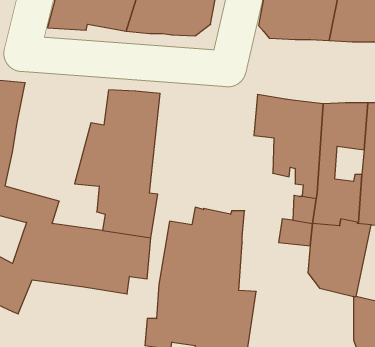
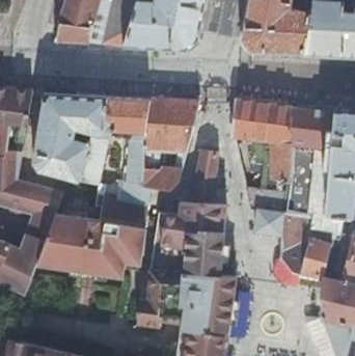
building: none -> [31,92,106,181]
building: none -> [142,99,200,192]
building: none -> [190,152,220,207]

